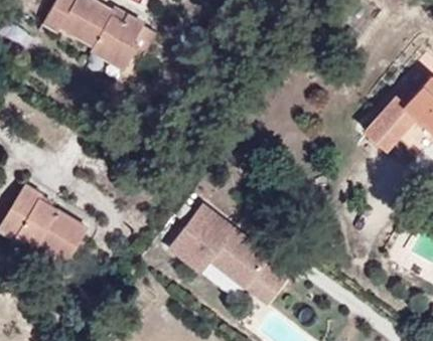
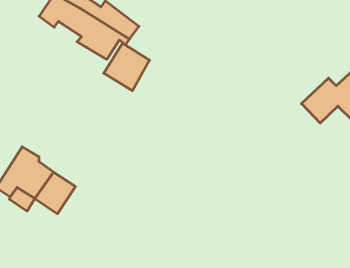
building: none -> [104,43,150,91]
building: [164,204,280,303] -> none

